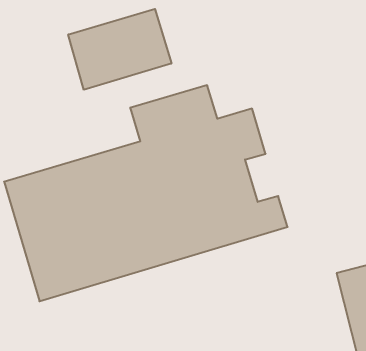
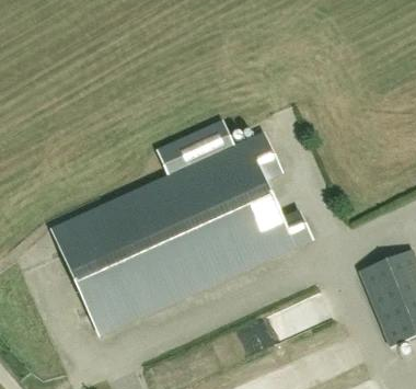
building: [68,9,171,90] -> none

